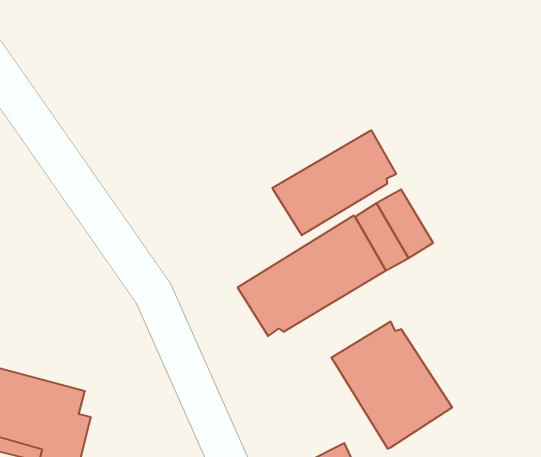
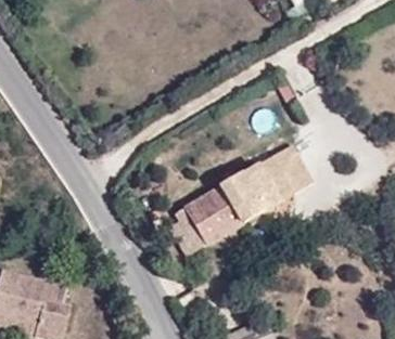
building: [273,130,396,235] -> none
building: [331,321,452,449] -> none

